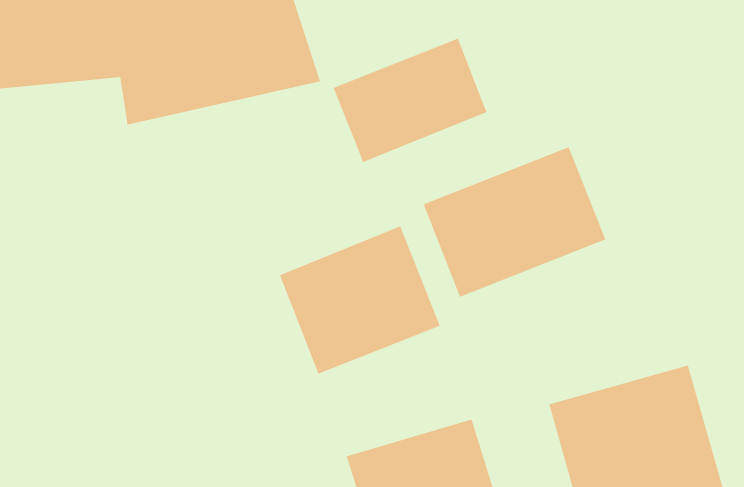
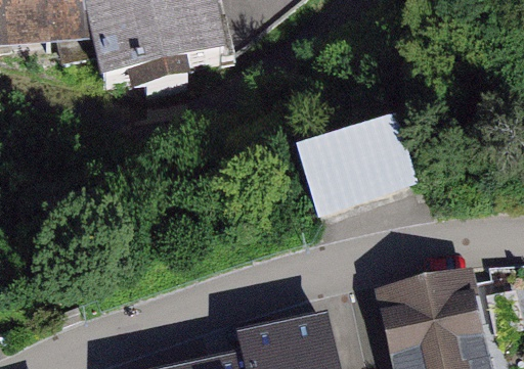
building: [333,38,487,163] -> none
building: [279,225,441,374] -> none

